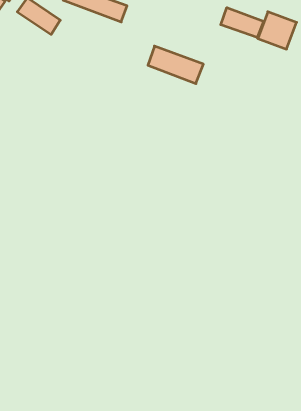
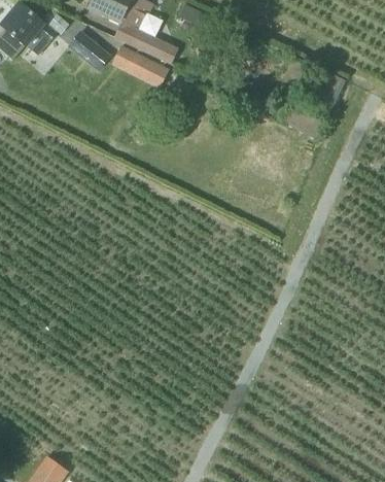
building: [221,8,264,38] -> none
building: [148,46,203,84] -> [113,43,169,84]

